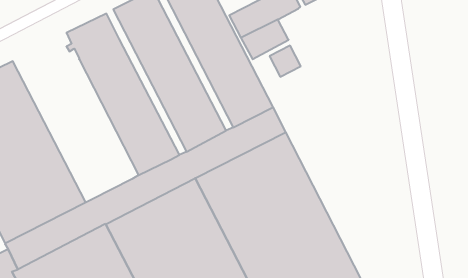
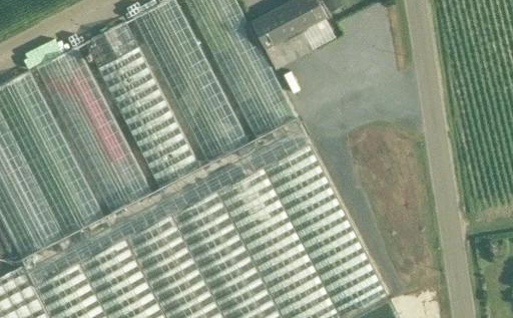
building: none -> [35,46,151,214]
building: [270,46,301,77] -> [302,17,334,49]

